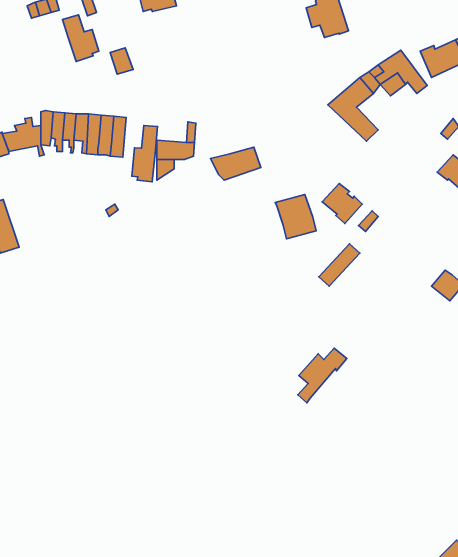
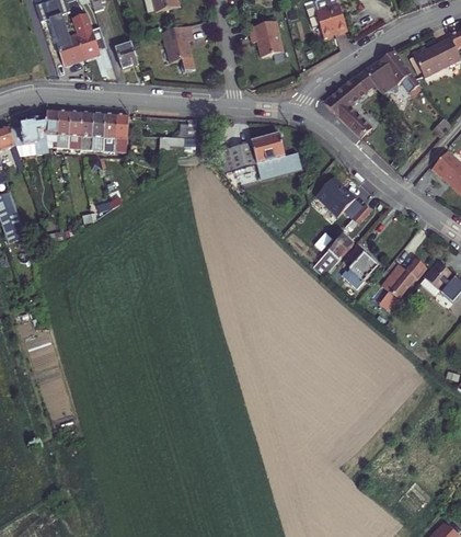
building: none -> [245,22,279,58]
building: none -> [164,24,197,72]
building: none -> [51,31,82,67]
building: [132,126,158,182] -> none
building: [275,195,316,239] -> [252,133,291,175]
building: none -> [345,243,380,287]
building: [298,348,347,403] -> [379,259,426,311]

